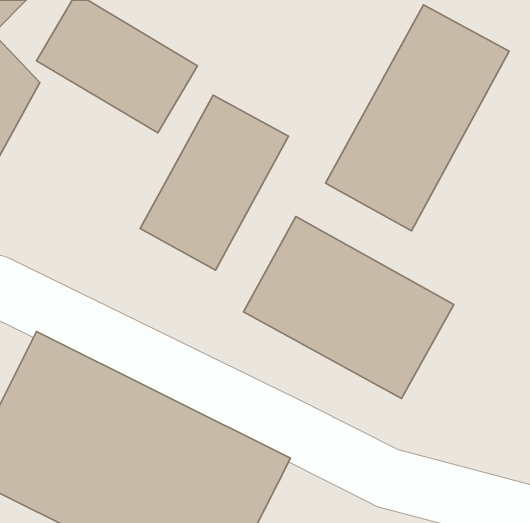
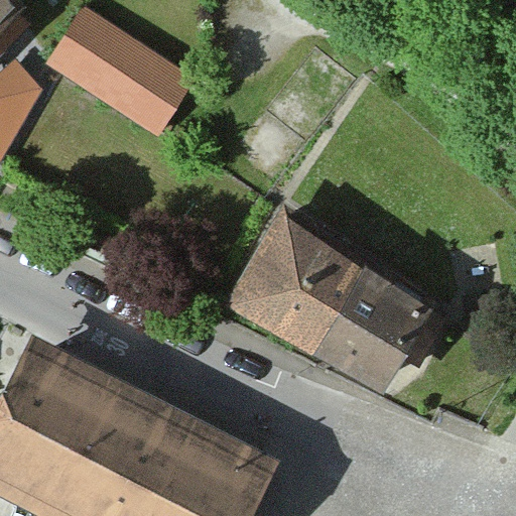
building: [325,5,509,231] -> none
building: [140,95,288,270] -> none

